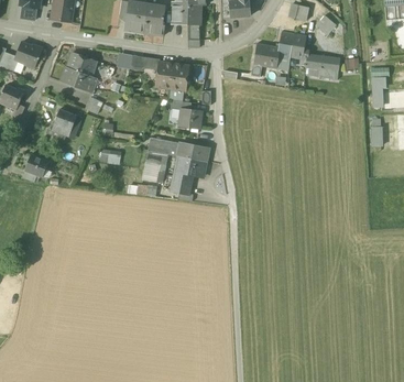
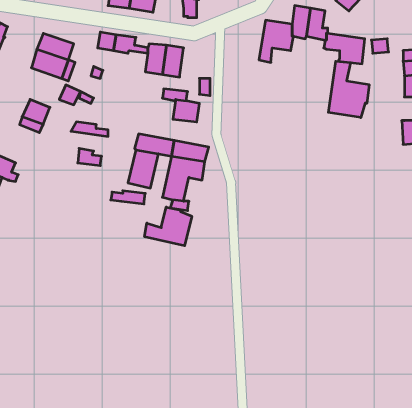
building: none -> [328,61,369,118]
building: none -> [145,207,192,246]

